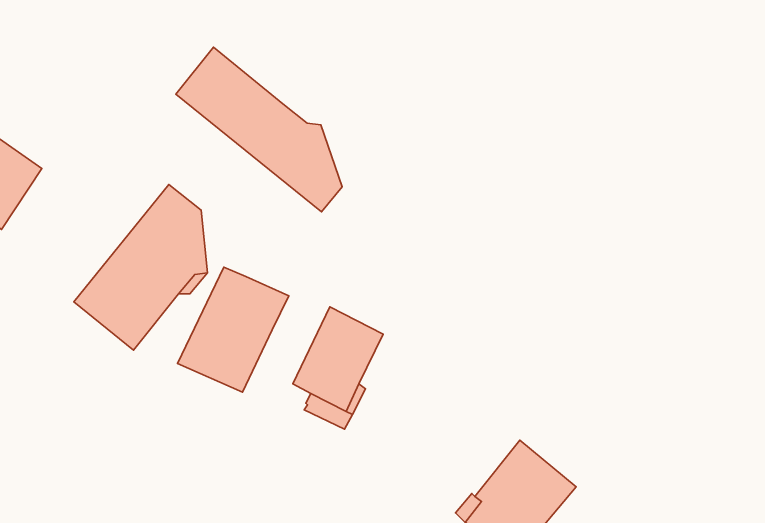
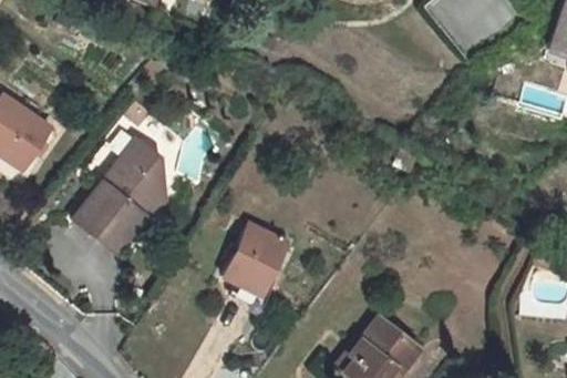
building: [176,47,342,212] -> none
building: [178,267,289,392] -> none

